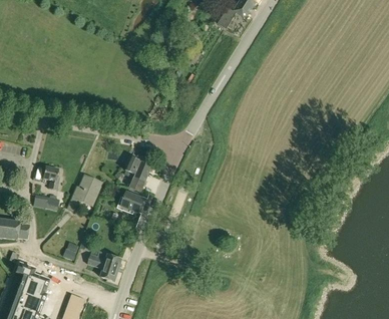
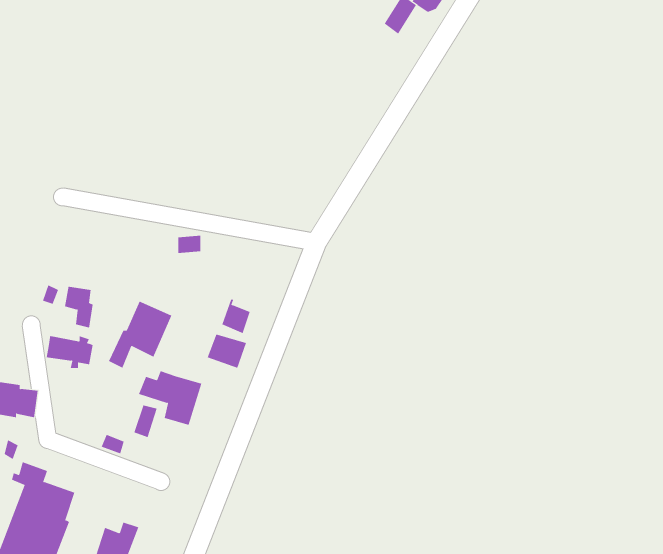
building: [125,156,151,181] -> none
building: [86,251,121,281] -> [138,371,202,425]

